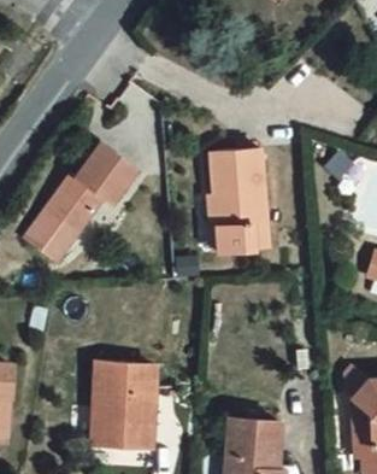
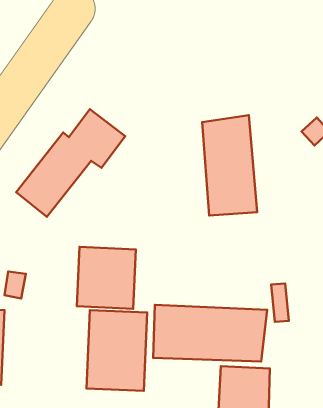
building: none -> [77,247,136,309]
building: none -> [153,305,267,362]

